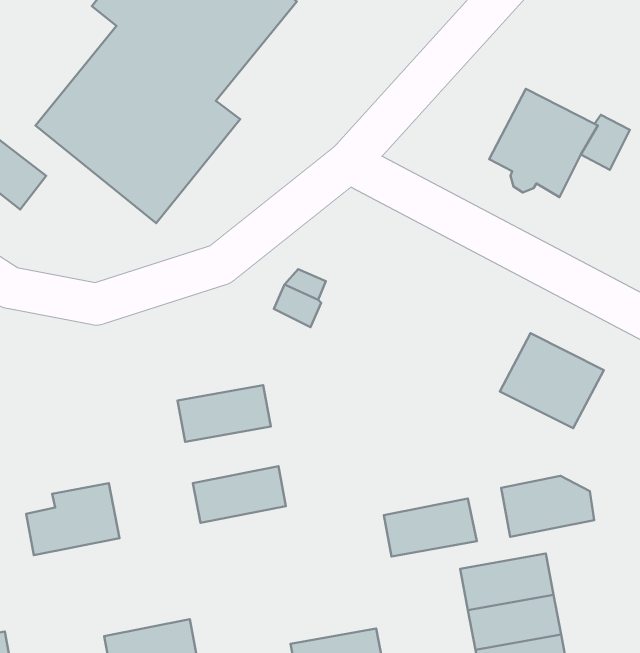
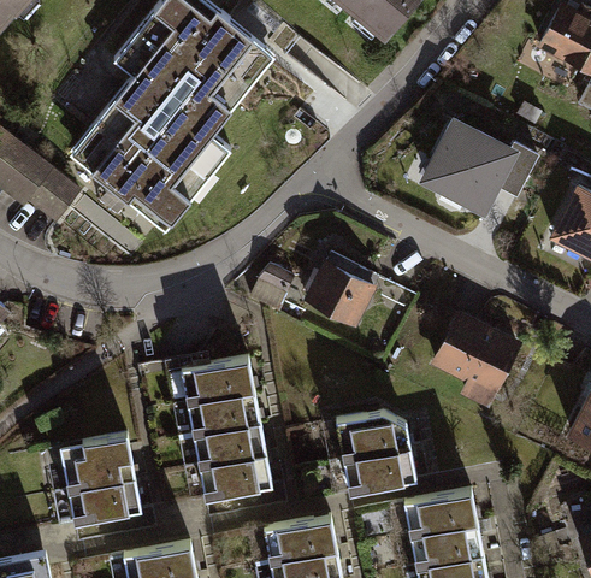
building: none -> [306,263,373,326]
building: none -> [187,391,260,436]
building: [501,476,594,537] -> [336,413,409,461]
building: none -> [199,454,272,501]
building: none -> [67,479,141,525]
building: none -> [262,517,337,562]

